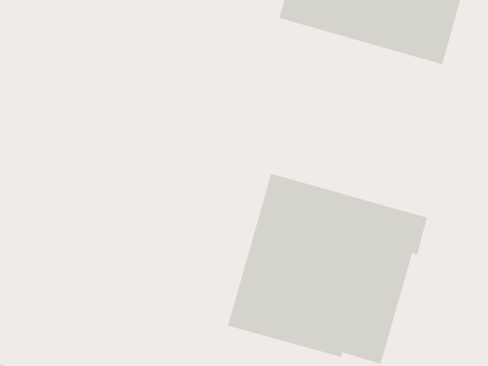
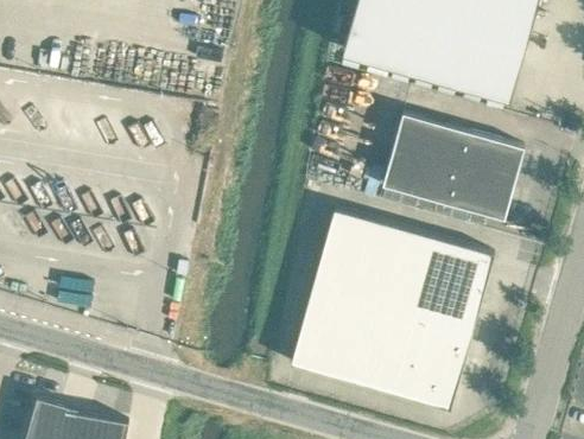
building: none -> [381,114,523,221]

